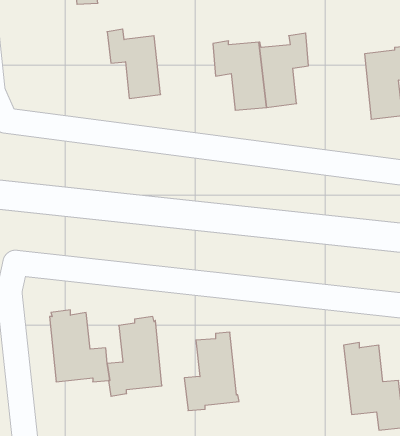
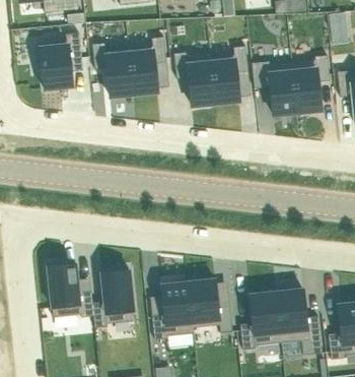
building: none -> [35,33,81,89]
building: none -> [128,37,165,93]
building: none -> [251,61,296,115]
building: none -> [187,277,232,332]
building: none -> [239,289,281,350]

